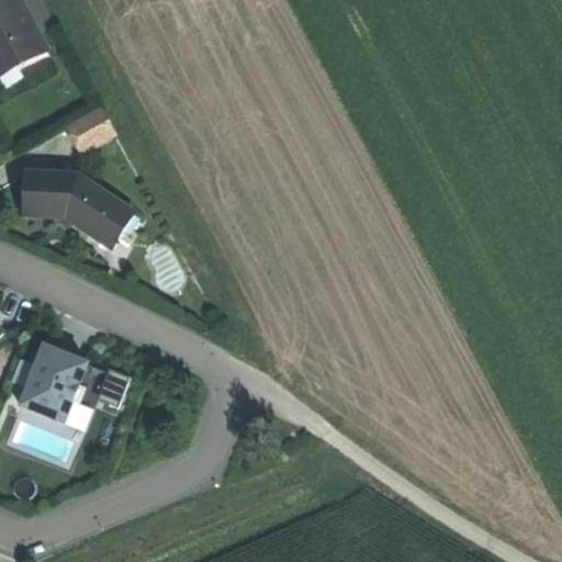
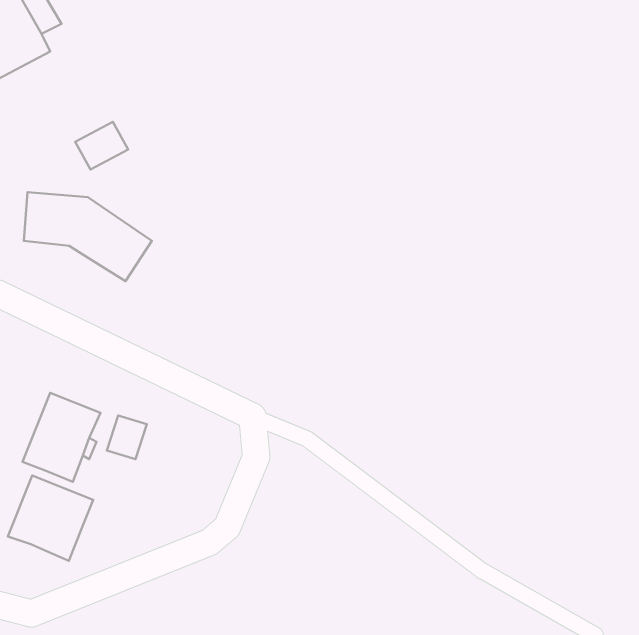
building: none -> [8,475,93,561]

